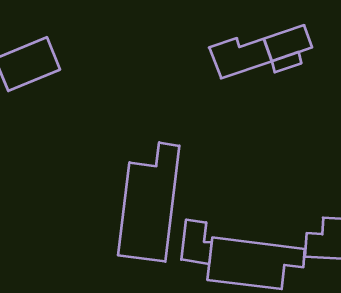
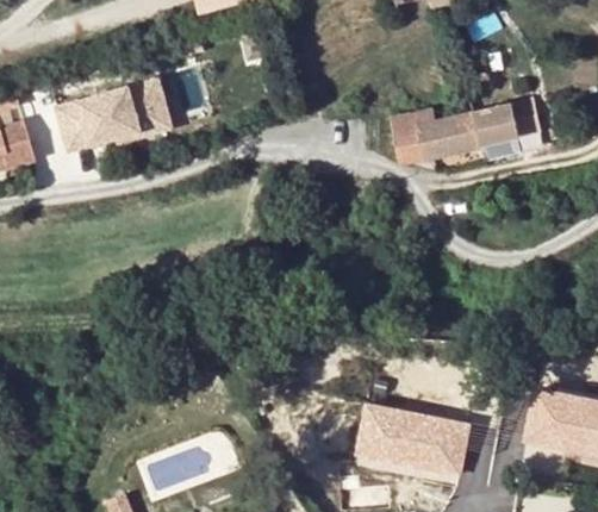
building: [118,142,179,262] -> none
building: [181,220,212,264] -> none

